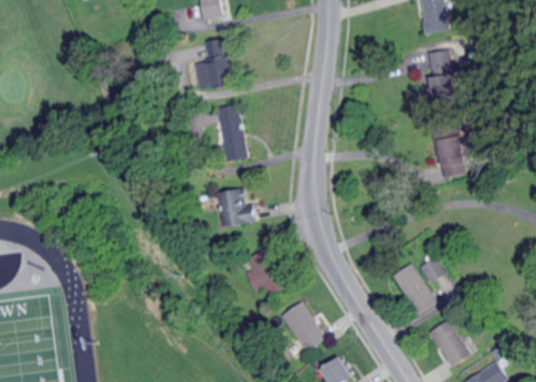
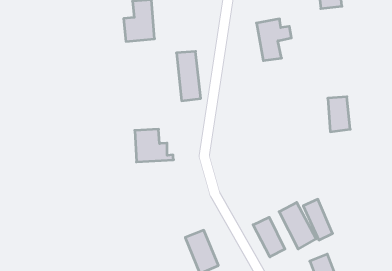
building: [424,47,466,97] -> [256,19,291,61]
building: [217,104,249,162] -> [176,51,201,101]
building: [244,250,286,295] -> none
building: none -> [253,217,285,257]

